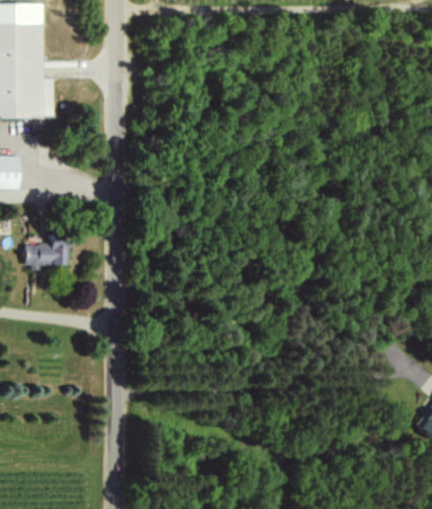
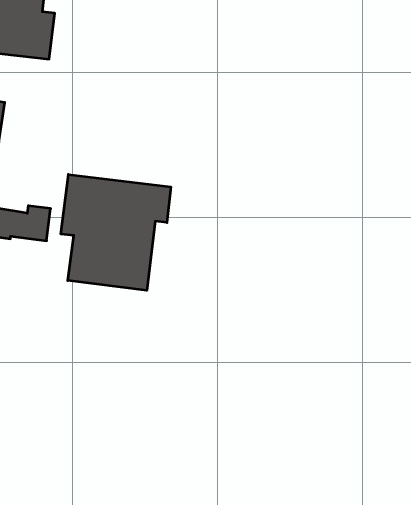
building: none -> [61,174,171,290]

